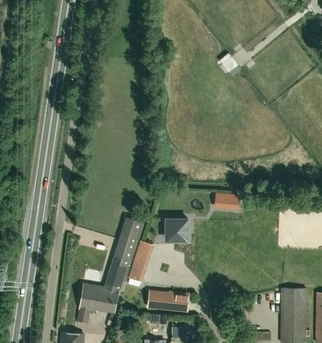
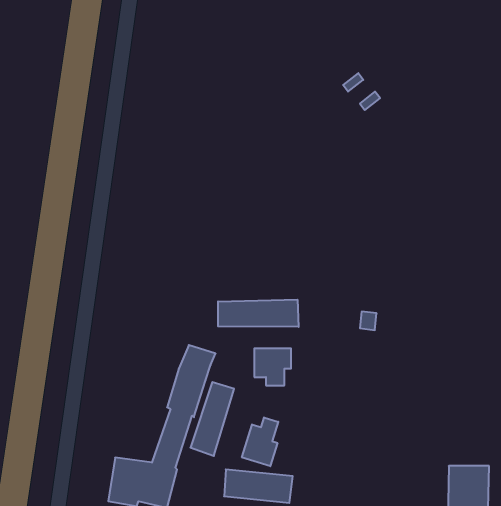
building: none -> [218,300,299,327]
building: none -> [242,417,278,466]

